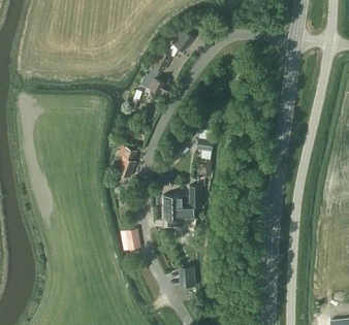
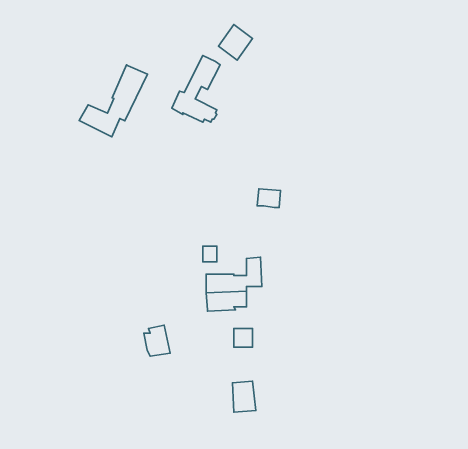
building: none -> [79,65,148,137]
building: [117,145,137,178] -> none

